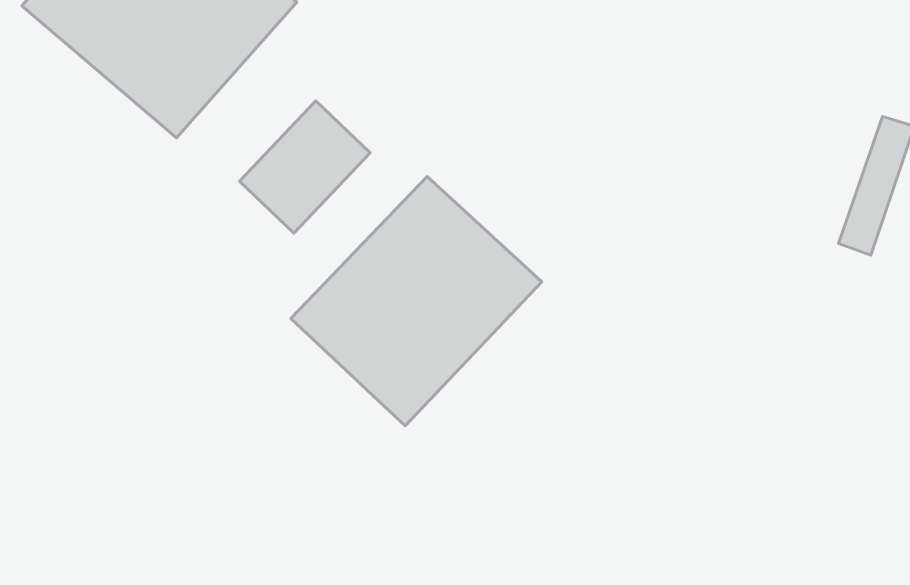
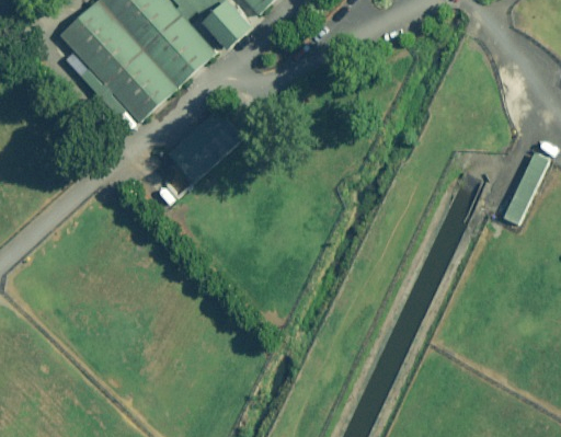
building: [291,176,542,426] -> none

